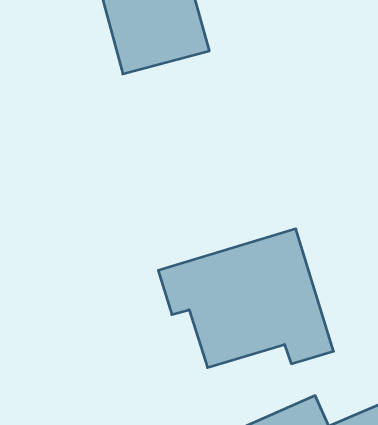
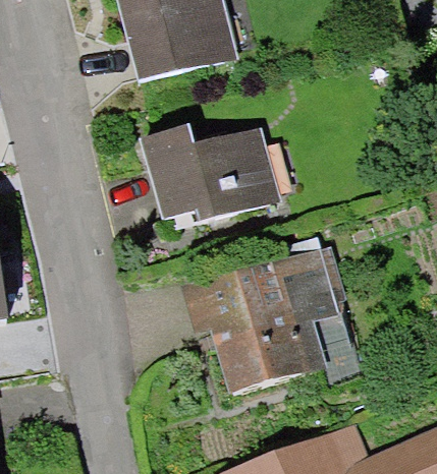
building: none -> [142,124,275,234]

